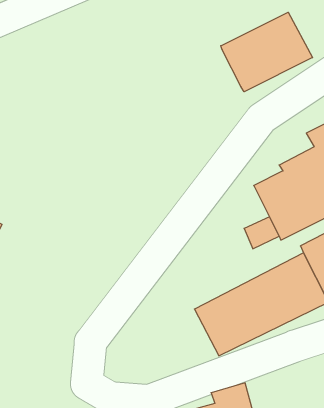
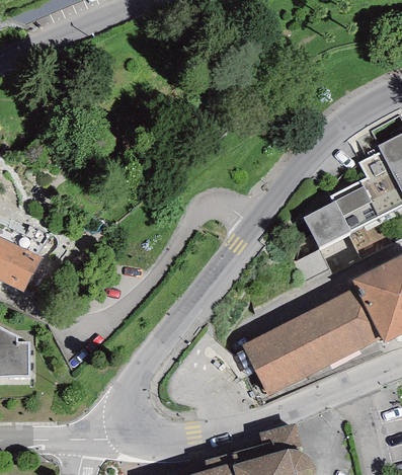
building: [221,12,313,92] -> none

